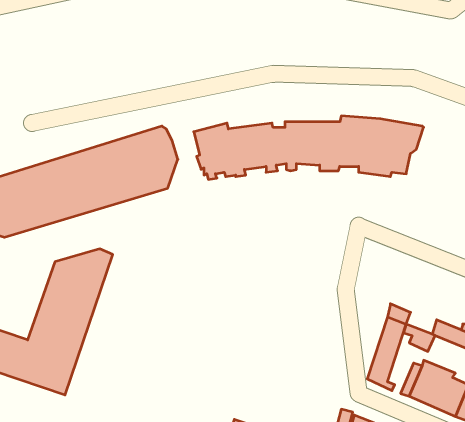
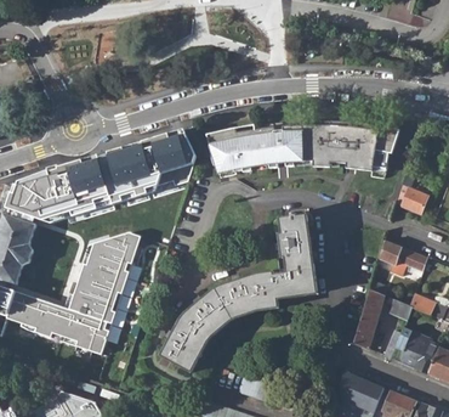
building: none -> [397,173,430,214]
building: none -> [160,213,318,371]
building: none -> [380,240,427,275]

